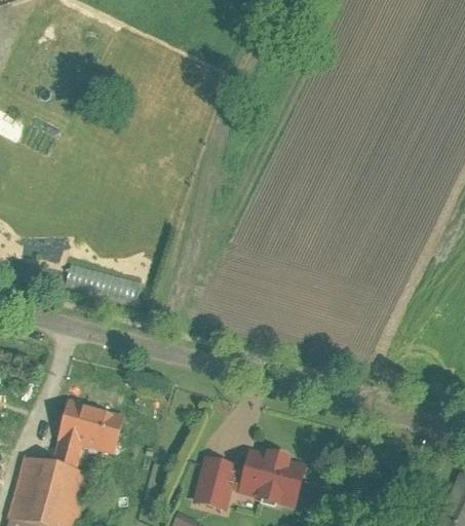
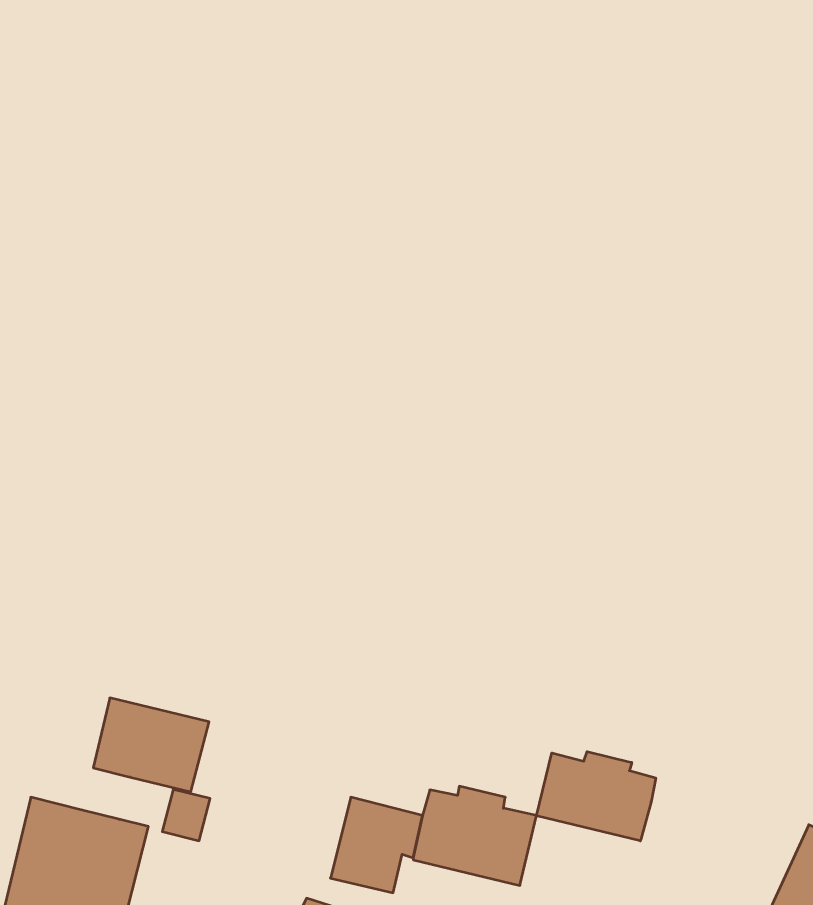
building: [61,260,140,304] -> none
building: none -> [536,752,656,841]
building: [52,441,79,469] -> [162,789,210,841]

